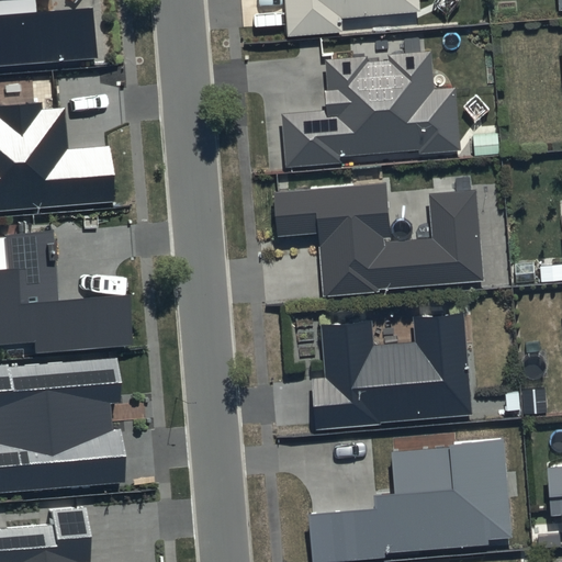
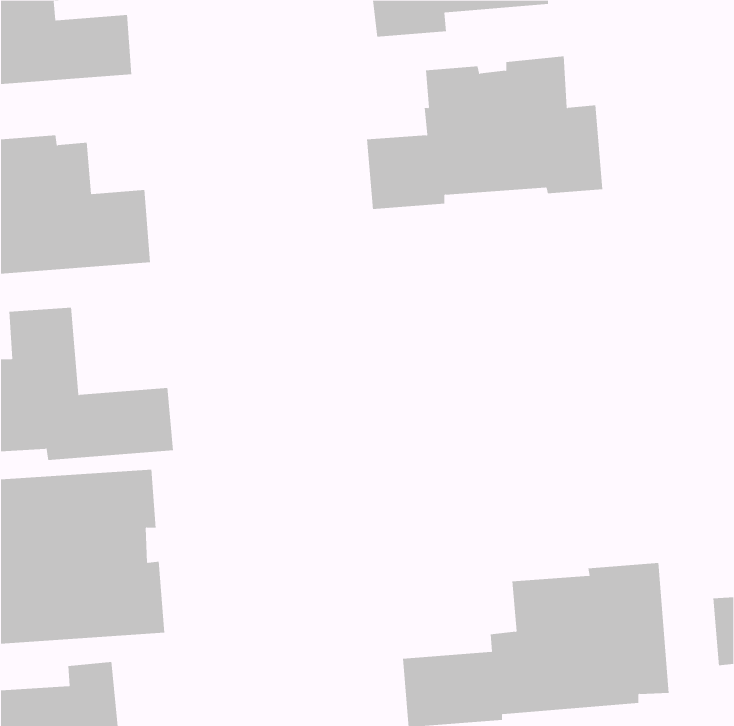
building: [273,181,482,294] -> none
building: [312,312,472,429] -> none

